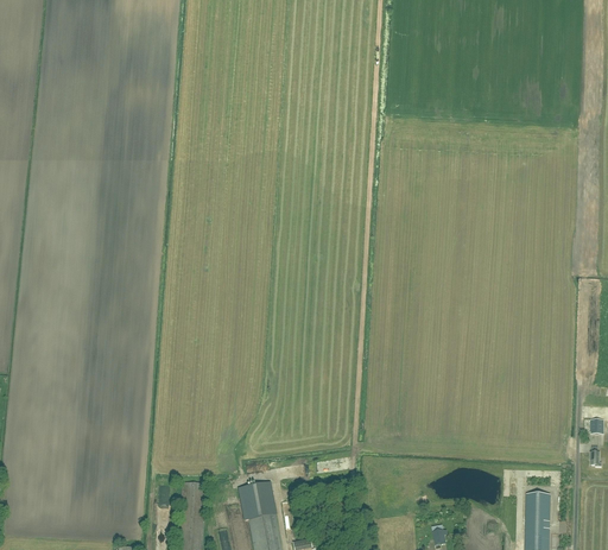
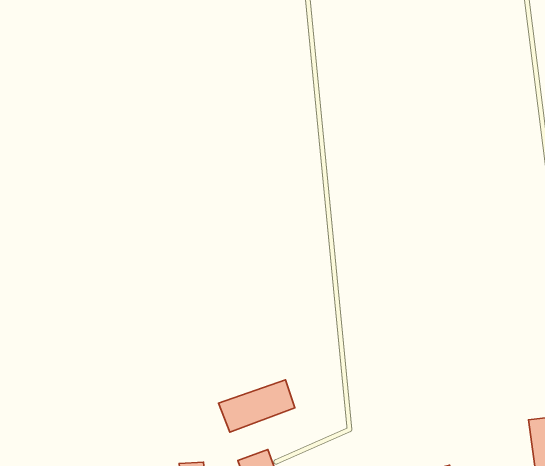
building: none -> [219,380,295,432]

